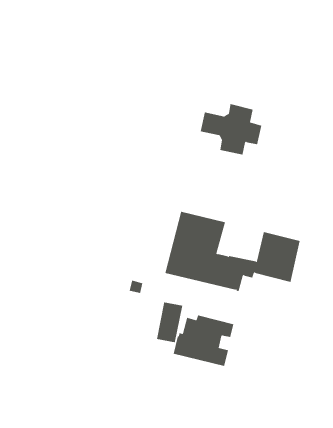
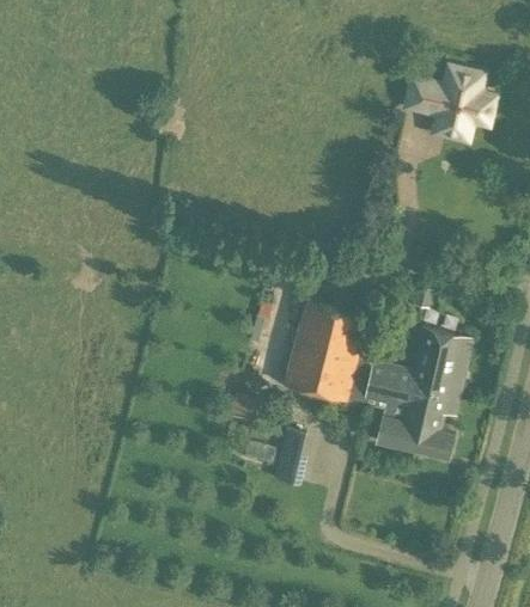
building: [200,103,262,155] -> [406,67,493,140]
building: [173,315,234,366] -> [376,386,462,459]

